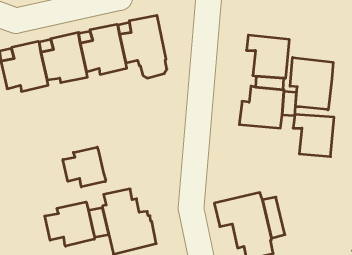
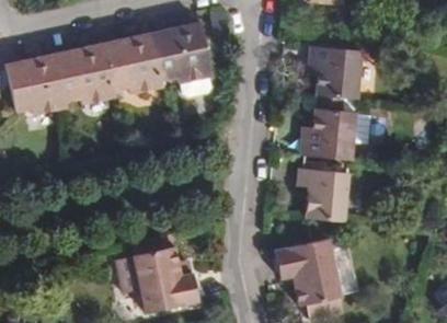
building: [290,57,333,110] -> none
building: [293,115,334,157] -> [298,170,348,221]
building: [63,147,106,187] -> none
building: [45,202,95,246] -> none

